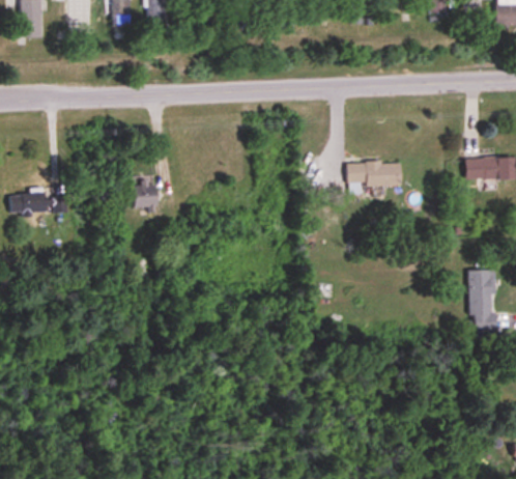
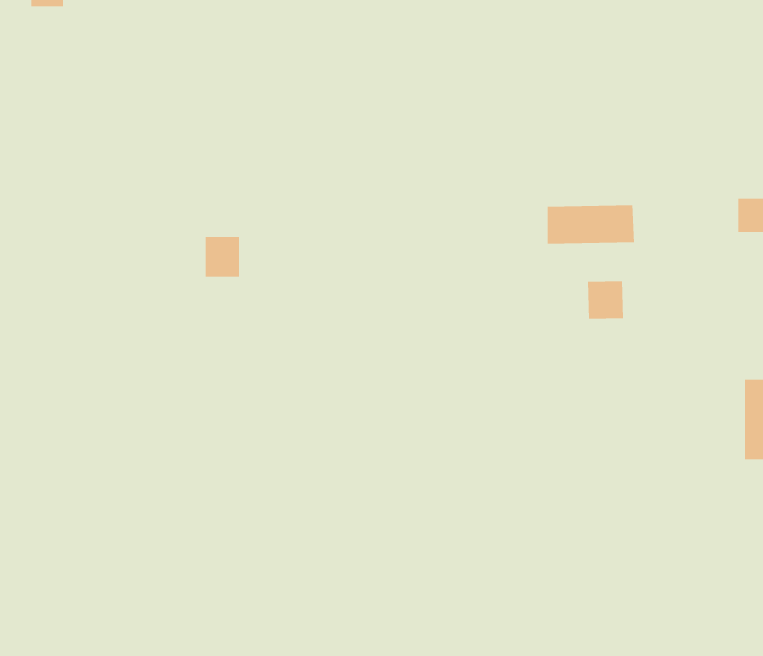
building: [9,192,65,213] -> none
building: none -> [587,281,624,320]

